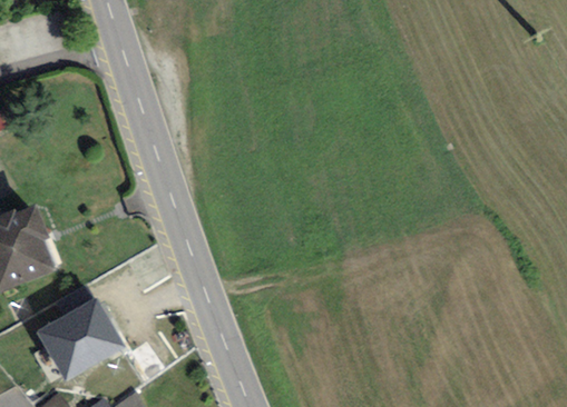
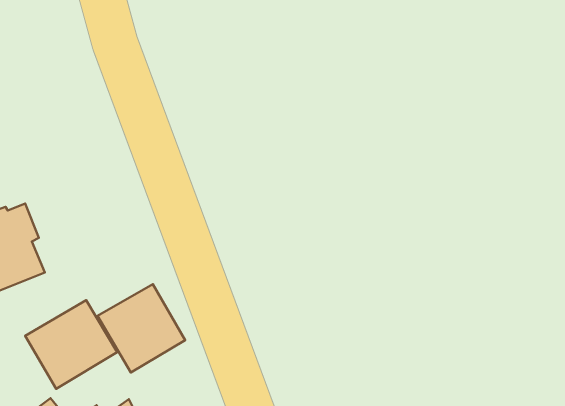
building: none -> [98,284,185,372]

